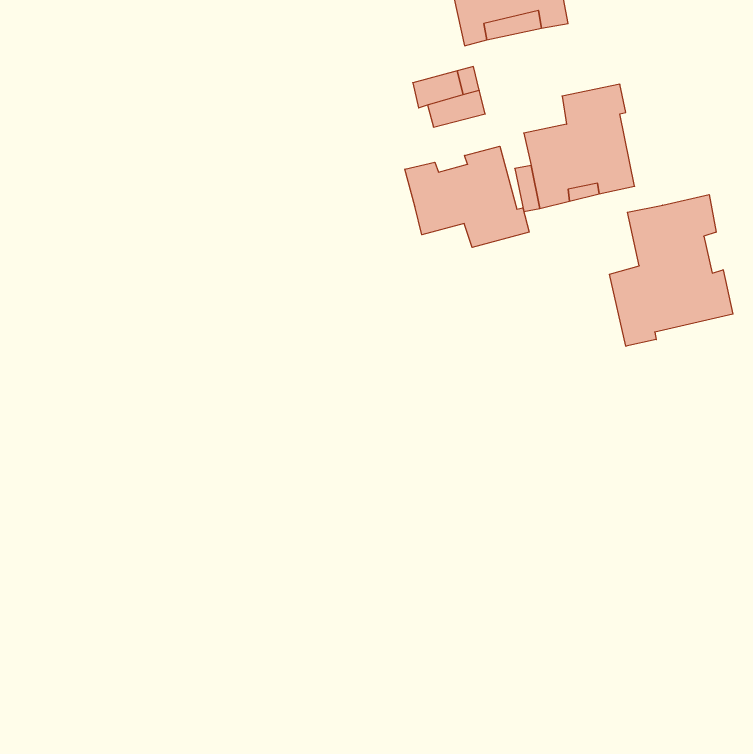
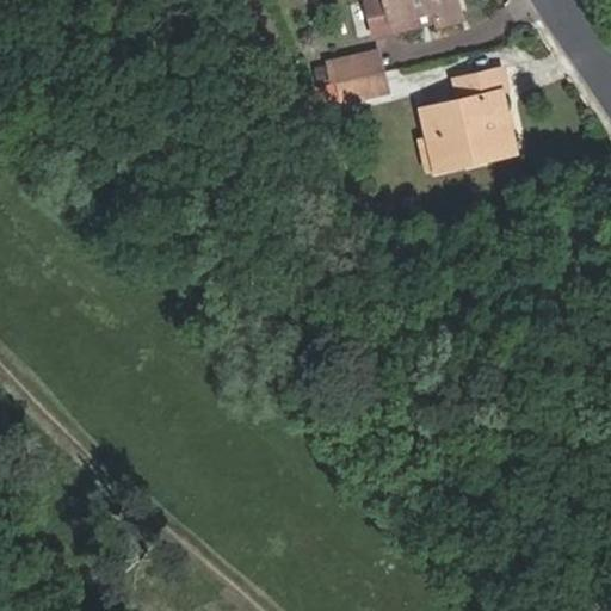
building: [405,146,529,247] -> none
building: [610,195,733,346] -> none

